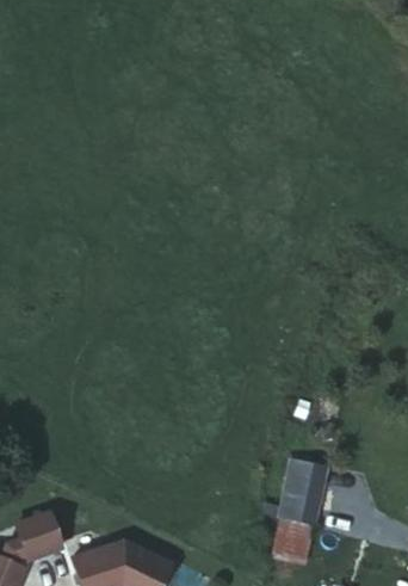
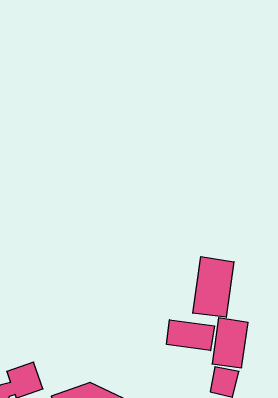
building: none -> [193,257,234,317]
building: none -> [167,320,214,351]

